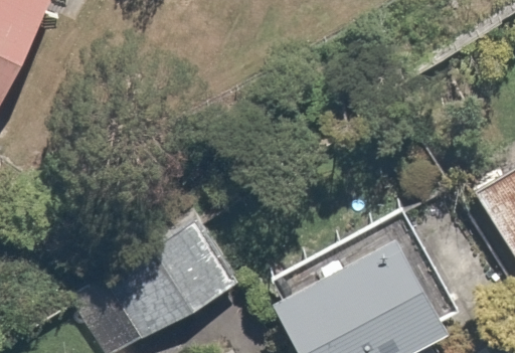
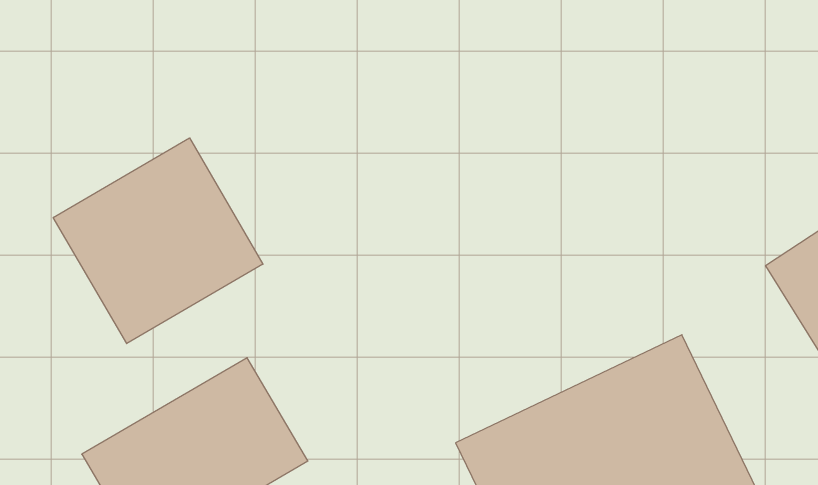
building: none -> [53,138,263,344]

